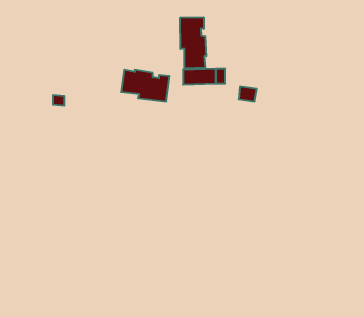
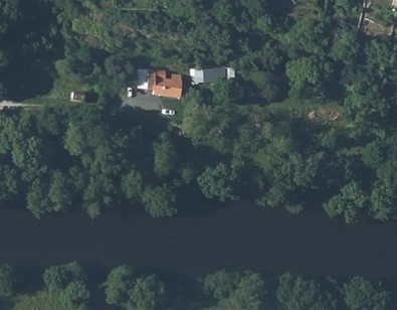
building: [180,17,206,68] -> none

